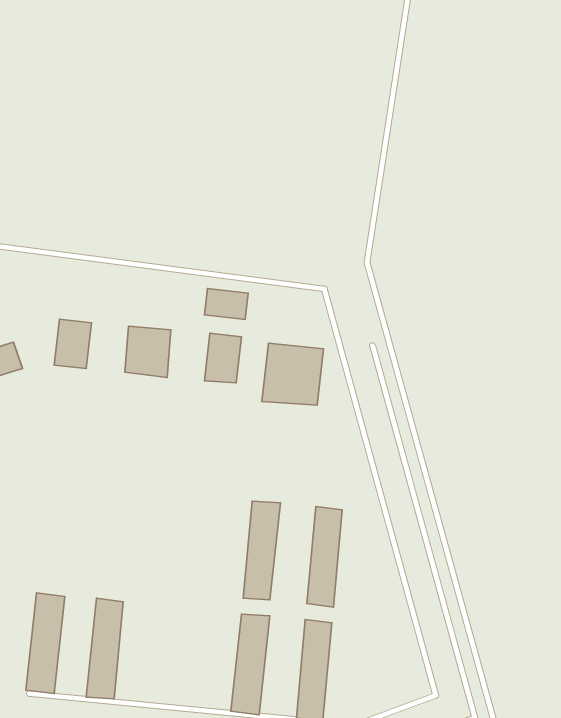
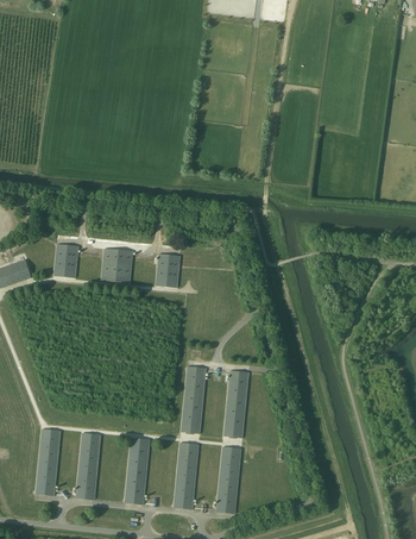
building: [204,289,248,320] -> none
building: [262,343,323,405] -> none
building: none -> [124,438,149,504]

